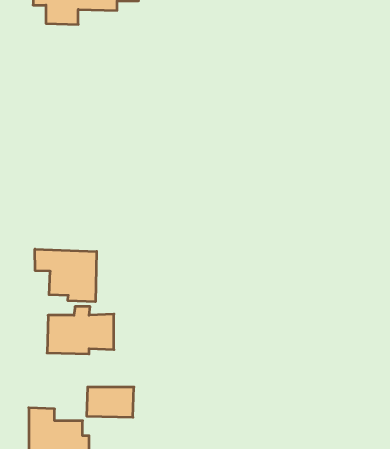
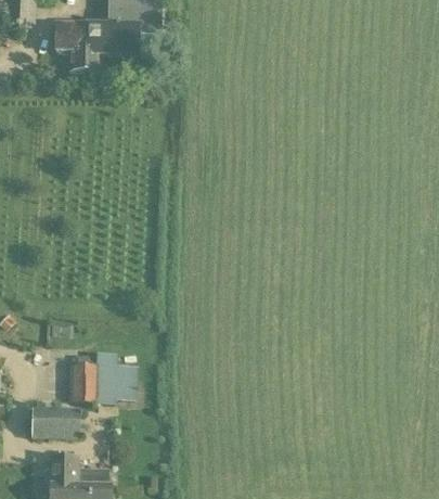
building: [35,249,97,302] -> none
building: [87,387,134,417] -> [31,405,79,435]

